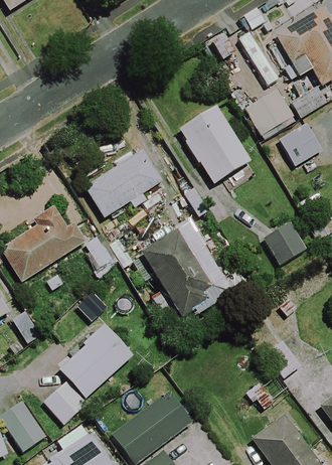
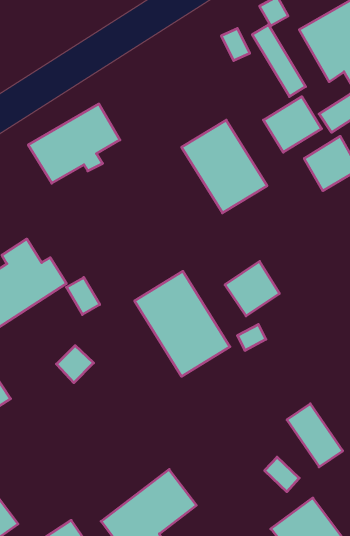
building: [86,152,160,216] -> [28,104,120,183]
building: [262,221,306,266] -> [225,261,279,316]
building: [59,324,133,398] -> none
building: [43,382,85,424] -> none

